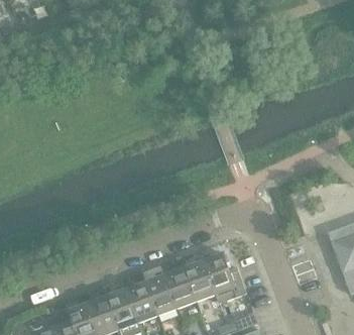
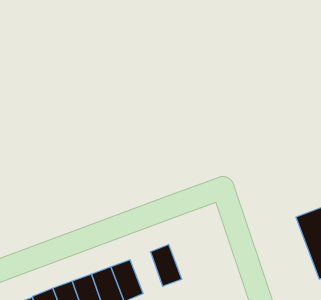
building: [200,252,233,294] -> none
building: [161,266,194,308] -> none

